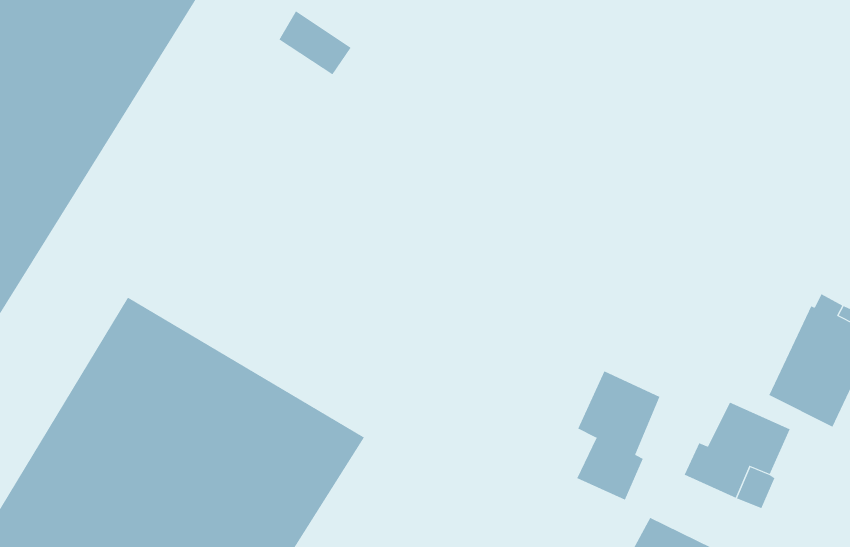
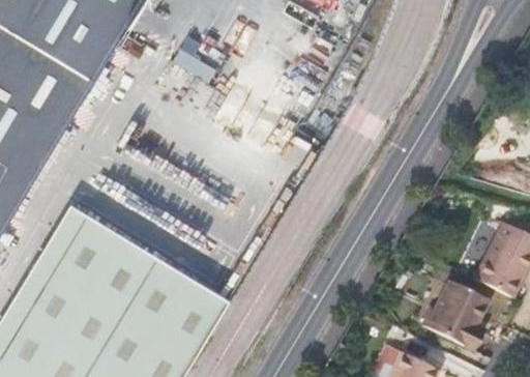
building: [577,371,660,500] -> none

